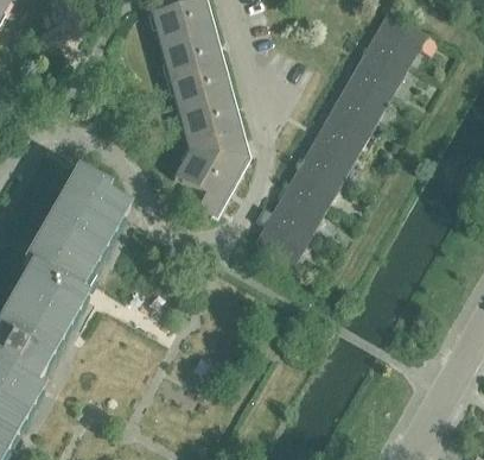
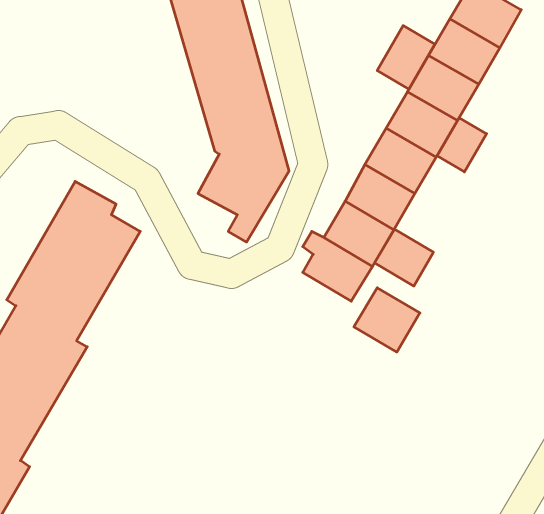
building: none -> [377,26,435,89]
building: none -> [437,118,487,172]
building: none -> [375,229,433,286]
building: none -> [354,288,420,352]

